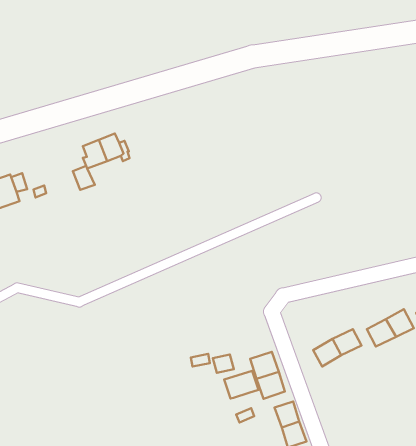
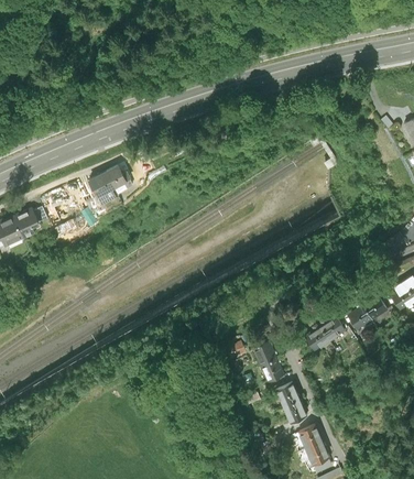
building: [224,371,258,398] -> none

